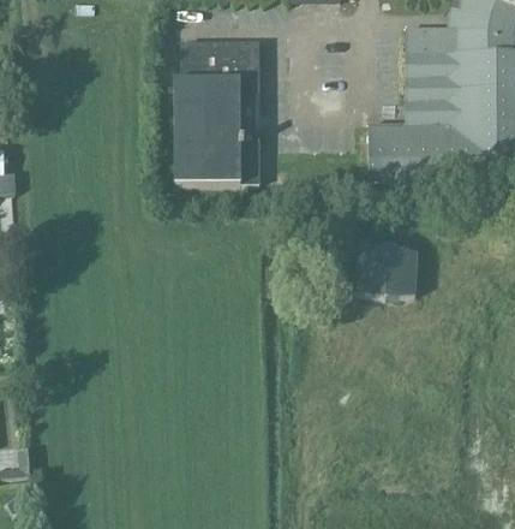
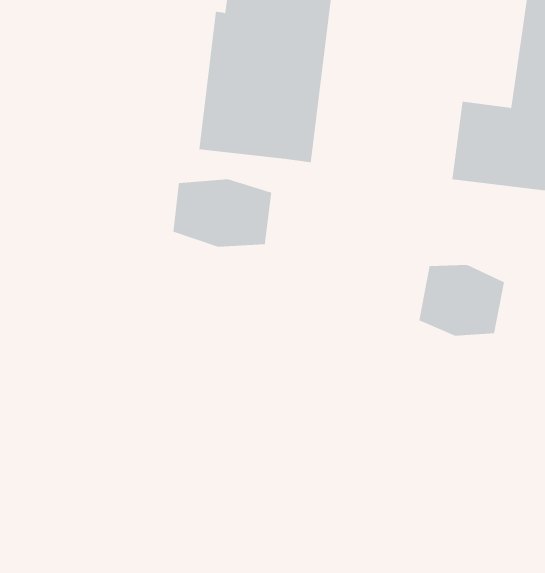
building: none -> [173,179,272,248]

